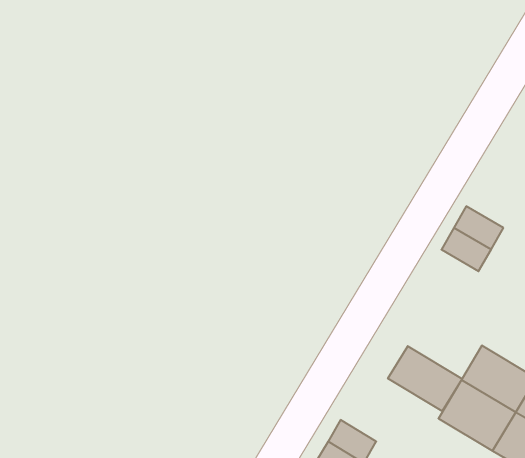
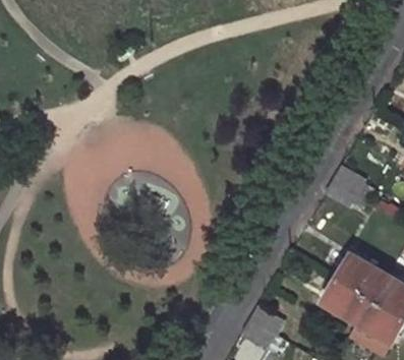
building: [388,346,462,411] -> none

